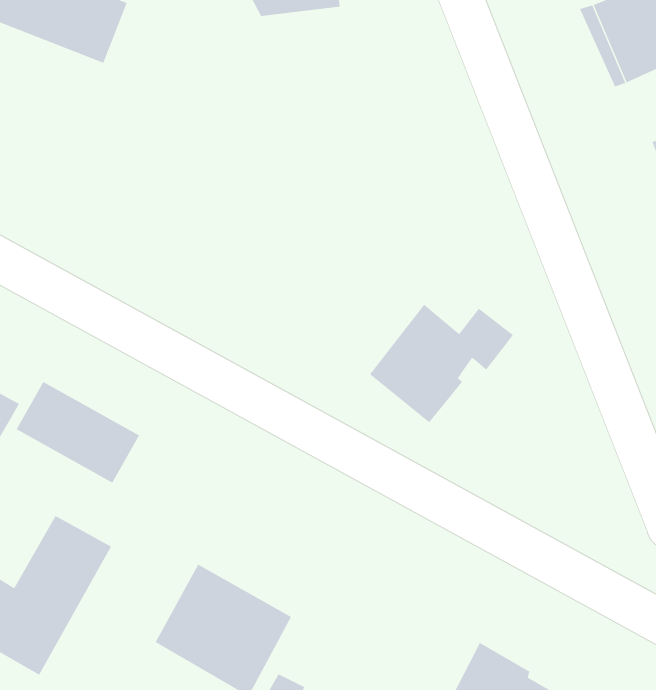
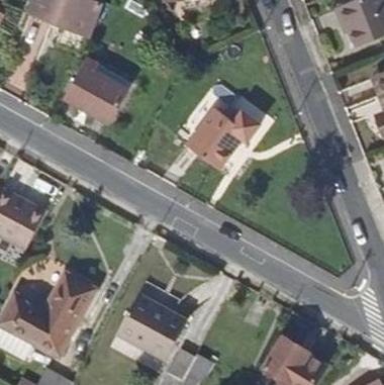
building: none -> [66,67,124,120]
building: [369,304,514,423] -> [187,107,262,169]
building: [16,381,140,484] -> none

